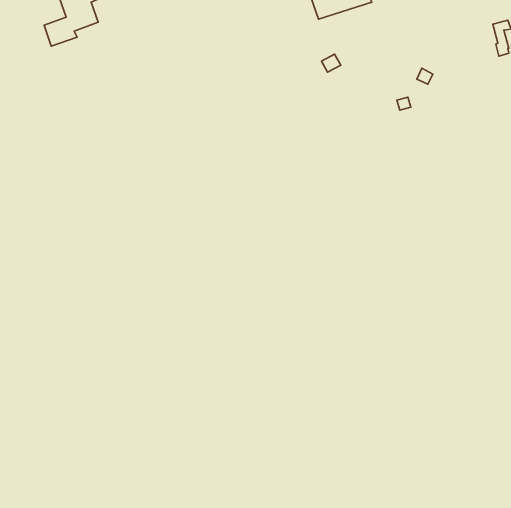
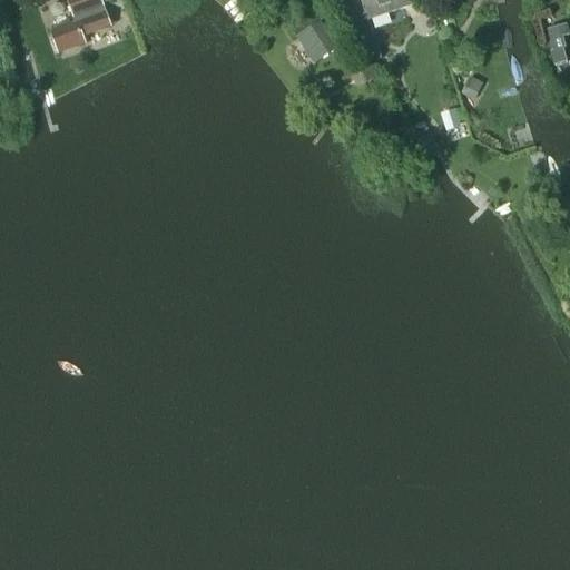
building: none -> [298,20,336,61]

